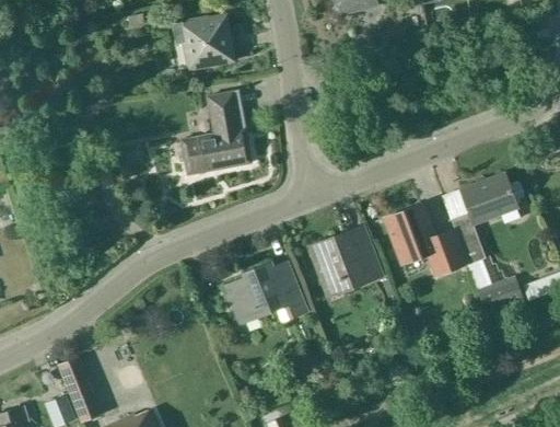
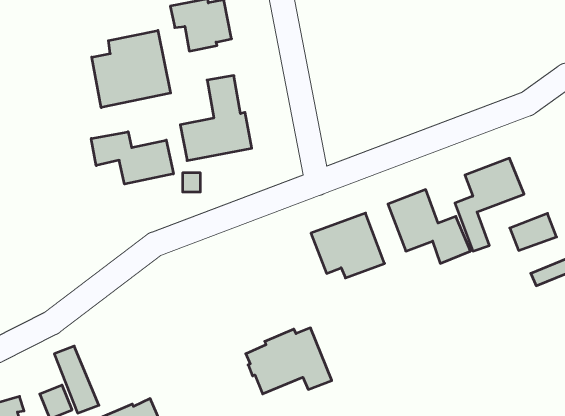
building: none -> [92,30,171,108]
building: none -> [91,132,173,184]
building: [224,261,308,325] -> [246,328,332,394]
building: [477,275,523,311] -> [510,213,557,250]

